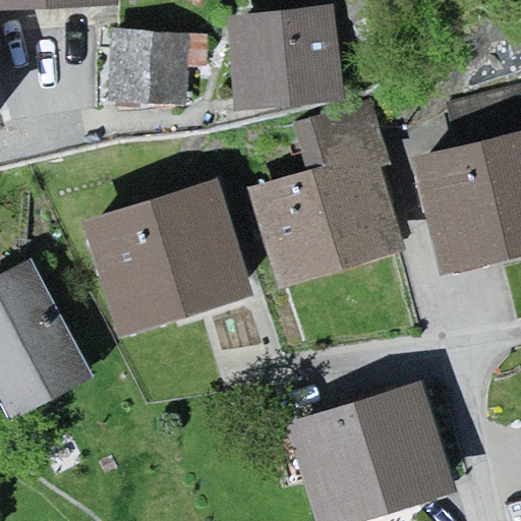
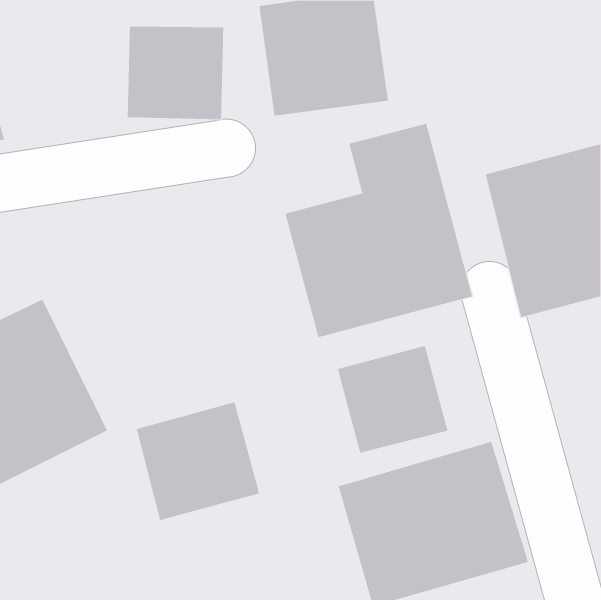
building: [83,181,253,334] -> none
building: none -> [337,345,448,454]
building: none -> [136,402,260,521]

